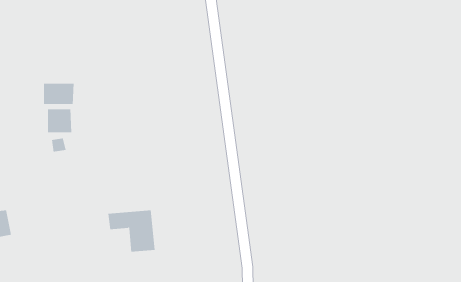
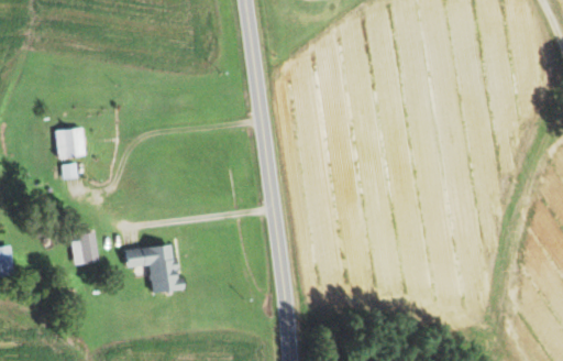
building: [44,83,74,105] -> none
building: none -> [69,231,99,265]

